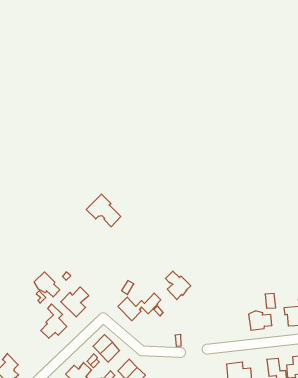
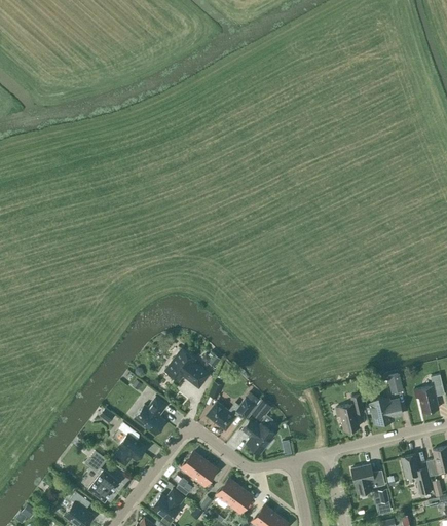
building: [86,194,121,227] -> [164,349,209,388]
building: [165,271,191,300] -> [241,419,274,454]
building: [34,272,60,297] -> none
building: none -> [335,396,363,430]
building: none -> [85,451,119,501]

